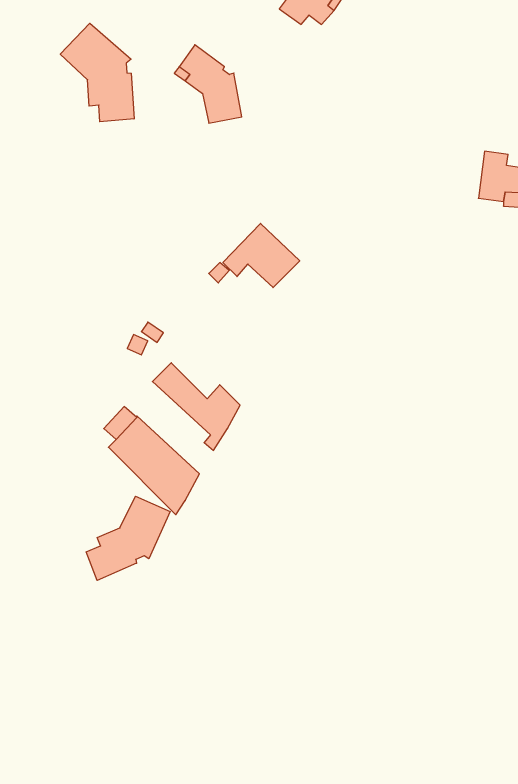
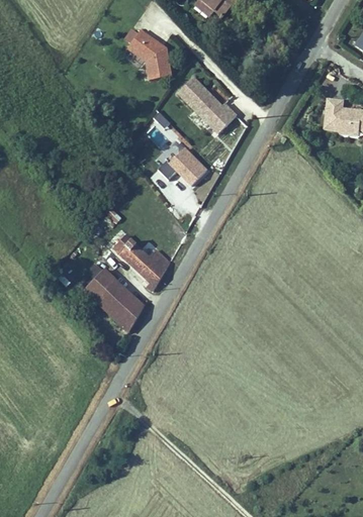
building: [60,23,134,122] -> none
building: none -> [177,77,236,133]
building: [86,496,170,580] -> none

